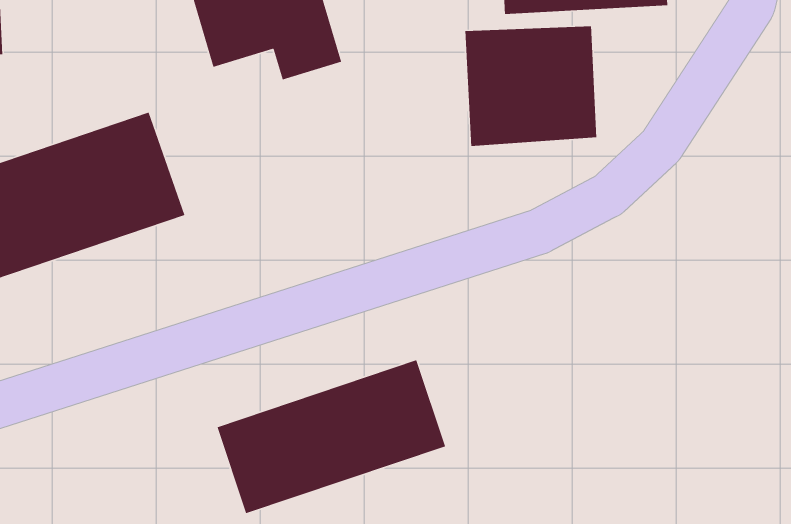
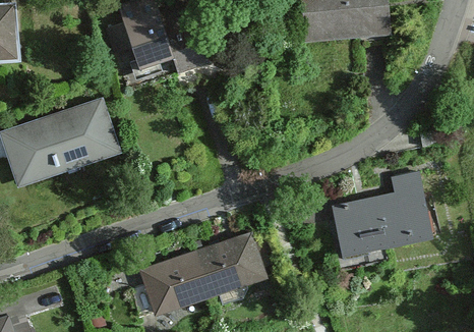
building: [465,25,597,147] -> none
building: none -> [327,169,435,258]

